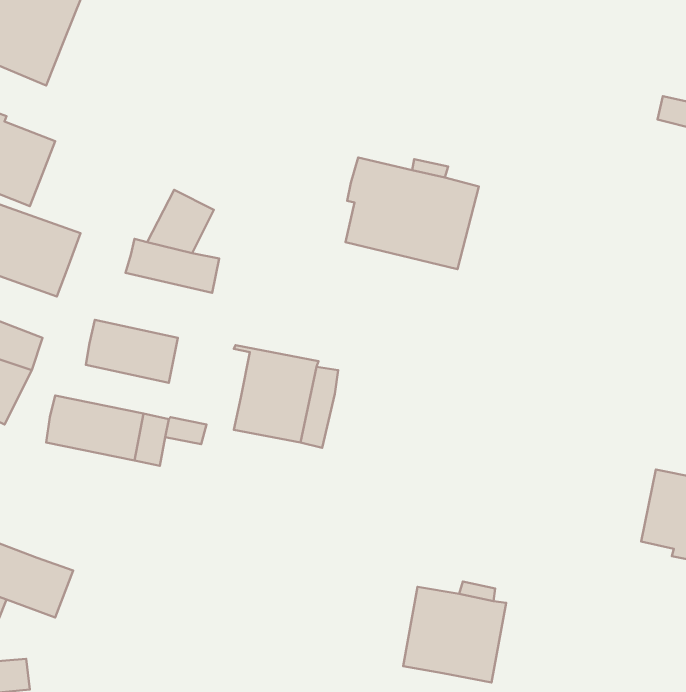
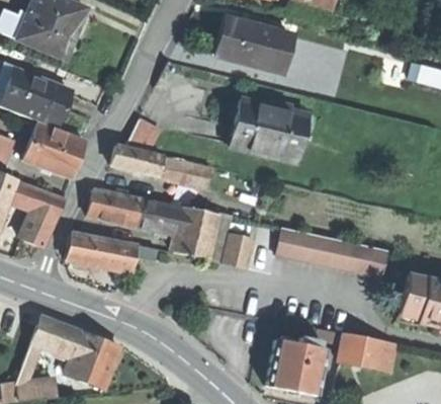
building: none -> [216,18,290,73]
building: none -> [158,156,211,189]
building: none -> [135,200,180,234]
building: none -> [276,227,386,276]
building: none -> [220,232,253,267]
building: none -> [65,331,118,389]
building: none -> [337,332,381,368]

